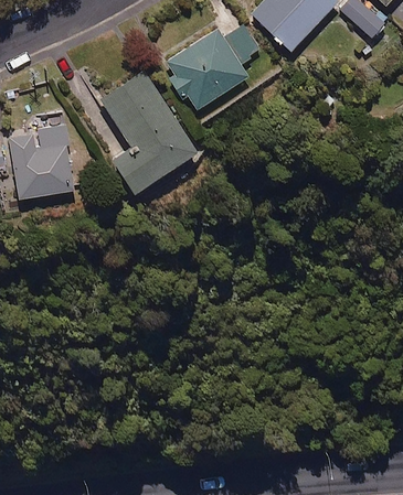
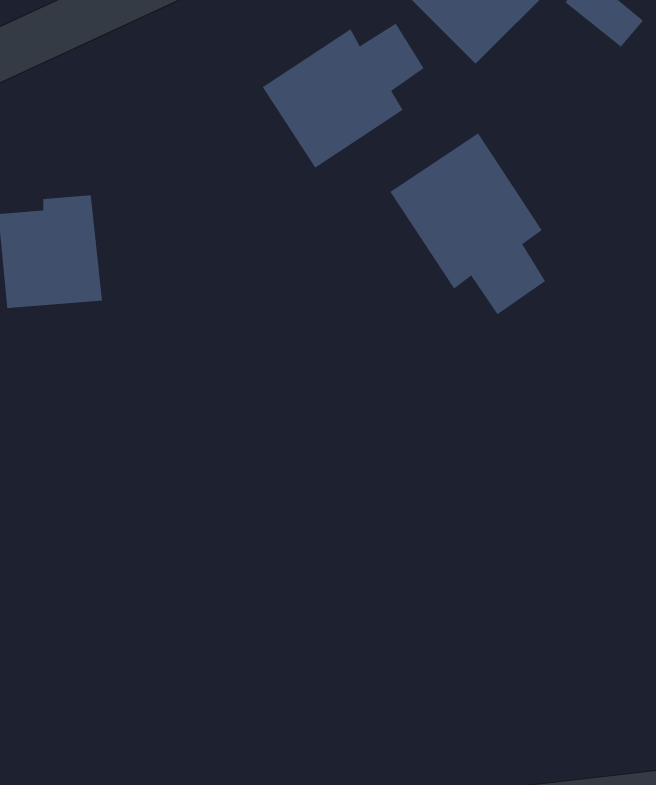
building: [100,72,193,189] -> none
building: none -> [390,133,546,315]

